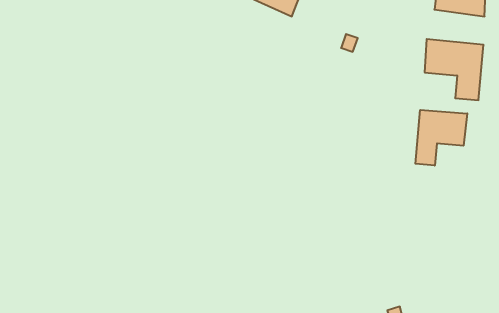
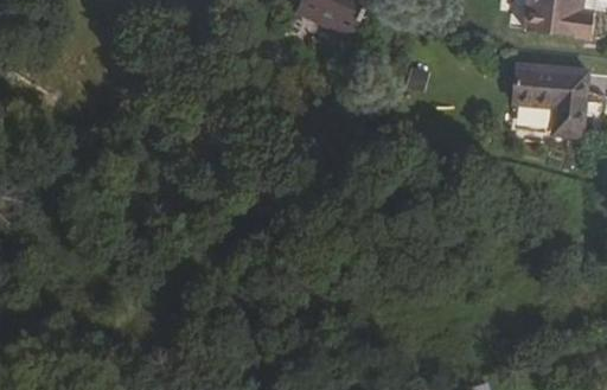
building: [415,110,467,166] -> none

